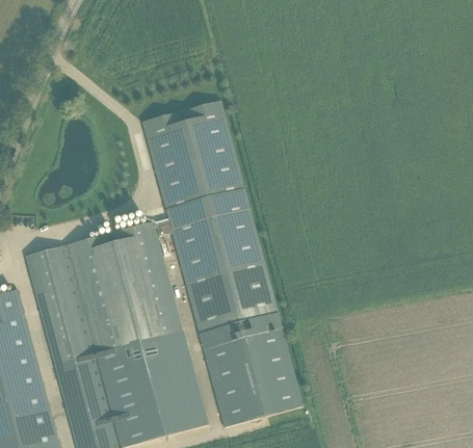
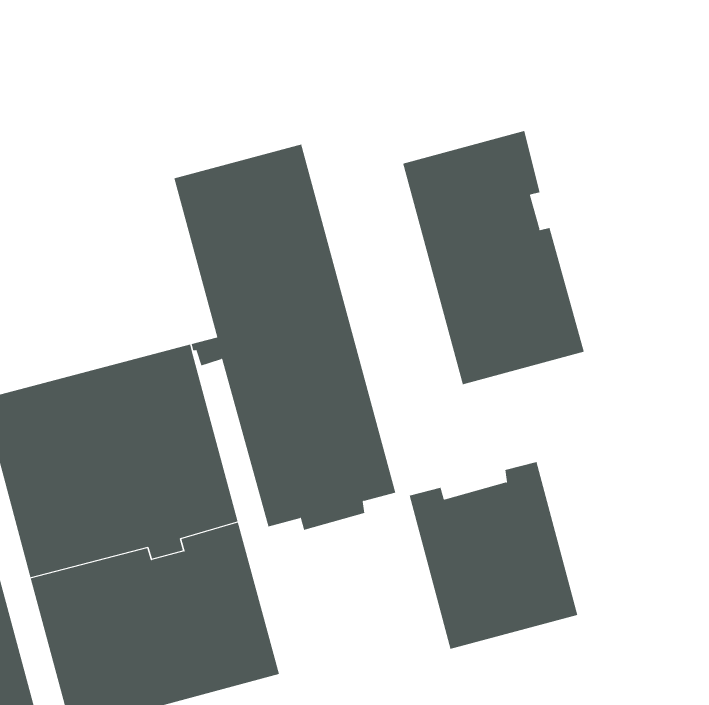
building: none -> [403,130,584,385]
building: [200,313,303,427] -> [409,461,578,650]

